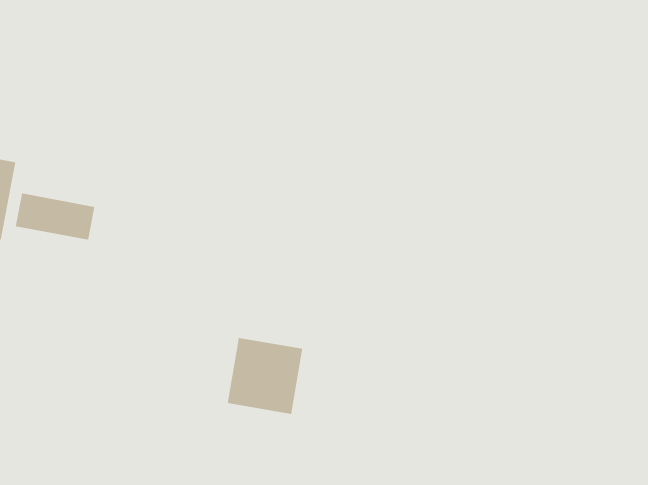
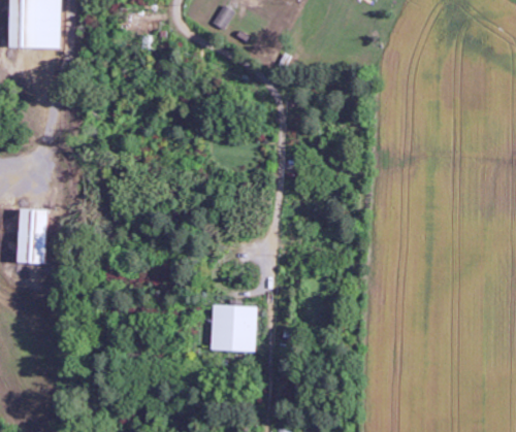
building: [15,193,95,240] -> none

